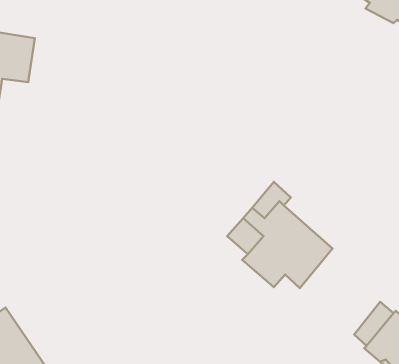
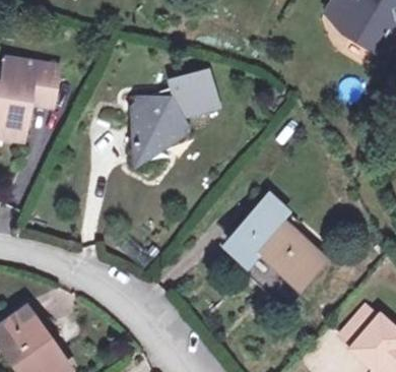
building: none -> [127,68,217,156]

